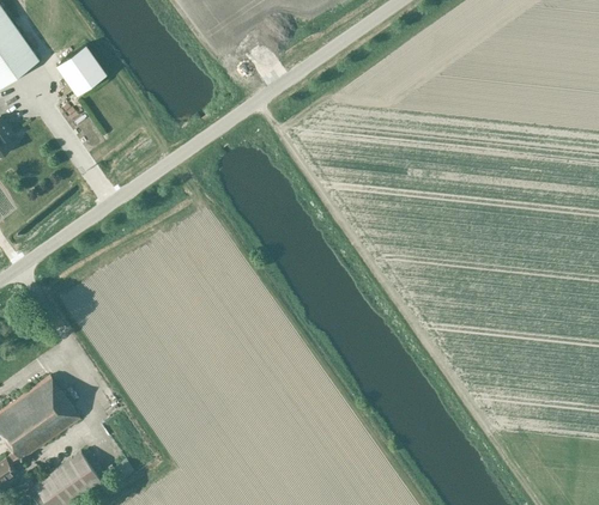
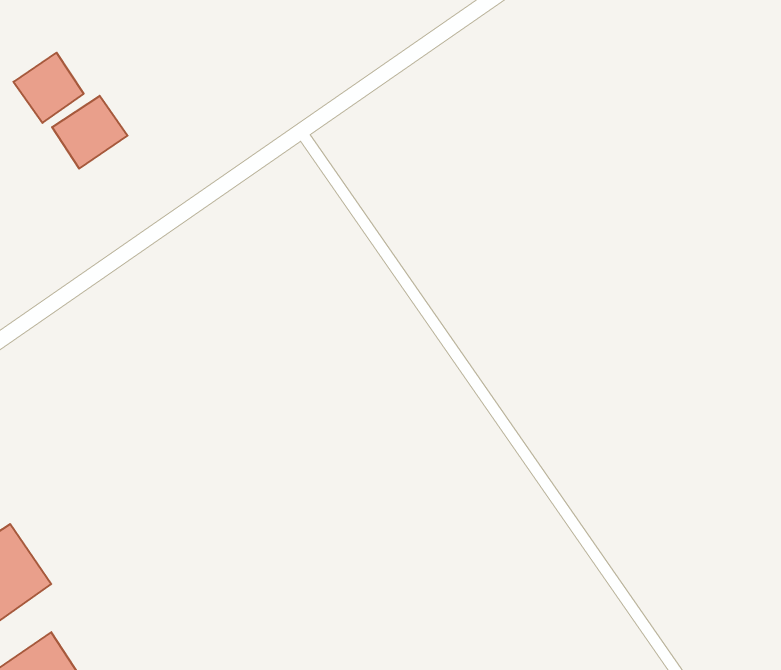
building: none -> [52,96,128,169]

